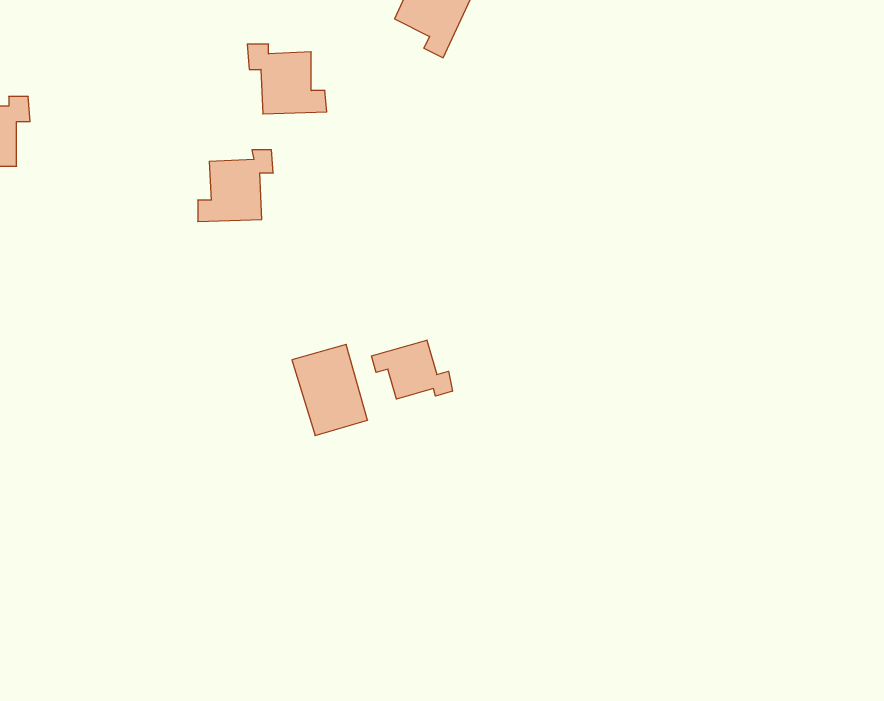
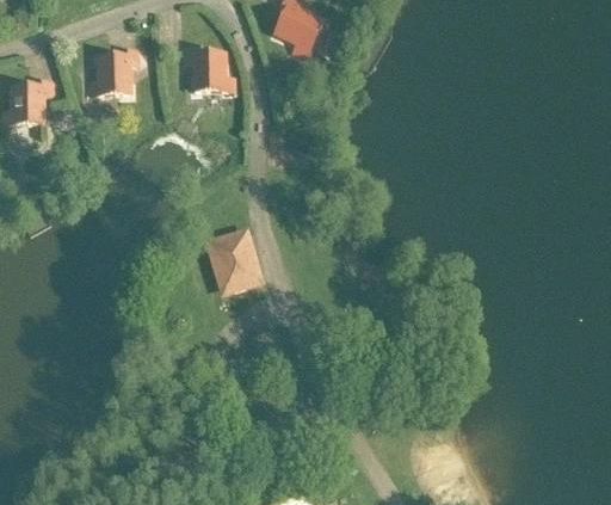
building: [198,150,273,221] -> [91,51,137,96]
building: [371,340,452,399] -> none

